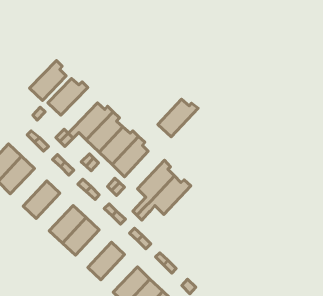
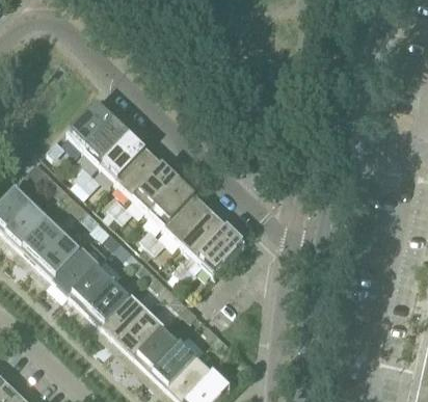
building: [29,60,66,101] -> [84,114,131,165]
building: [158,99,198,137] -> [165,195,216,243]
building: none -> [20,217,66,265]
building: none -> [53,240,108,296]
building: none -> [103,295,149,343]
building: none -> [135,326,182,374]

